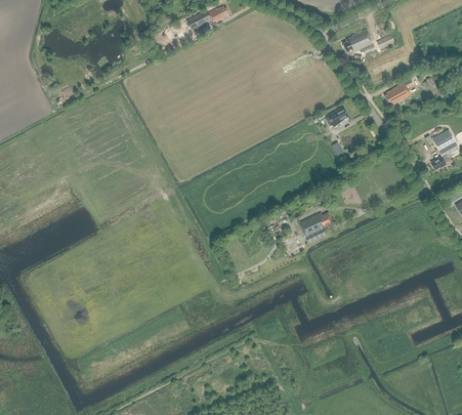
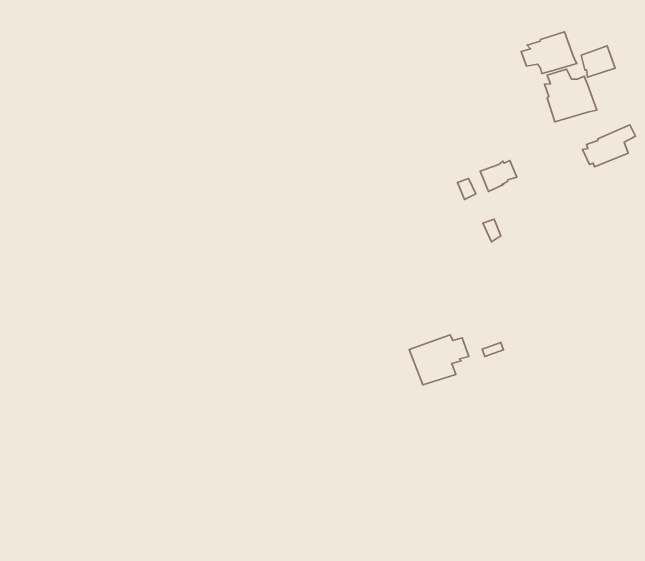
building: none -> [544,69,597,122]

